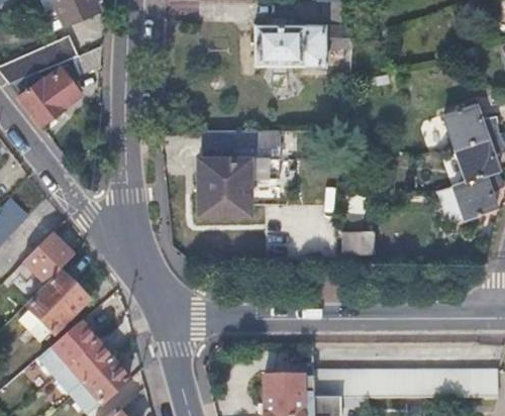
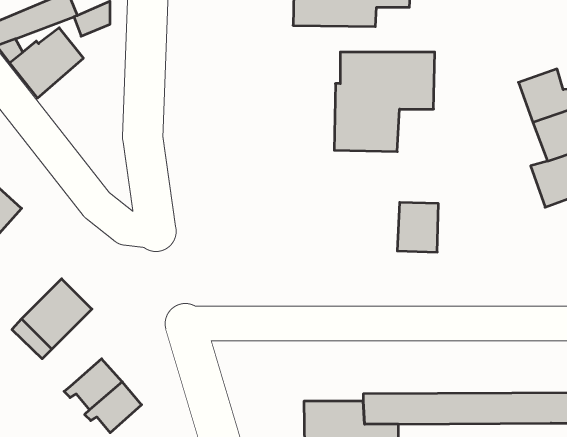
building: [197,129,281,212] -> [334,52,435,152]
building: [24,234,75,286] -> none
building: [48,324,95,366] -> none

